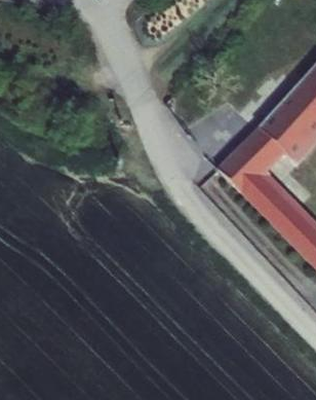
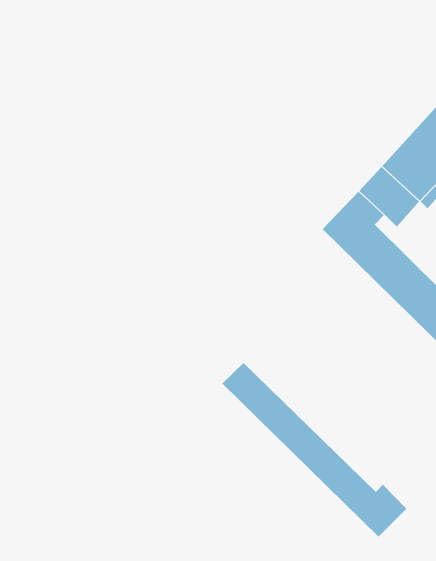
building: none -> [222,362,407,537]

